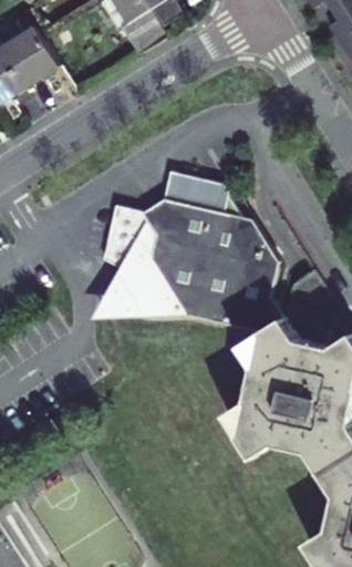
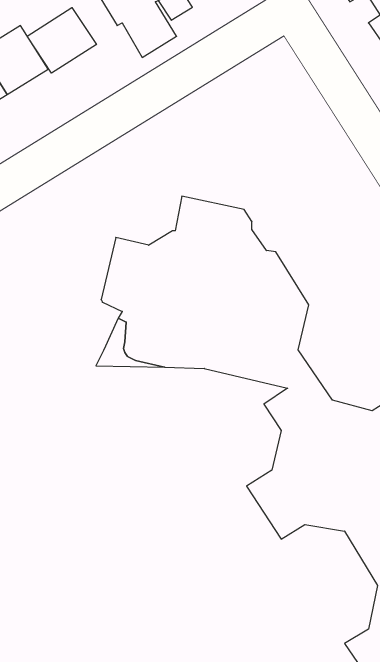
building: none -> [27,8,96,73]

